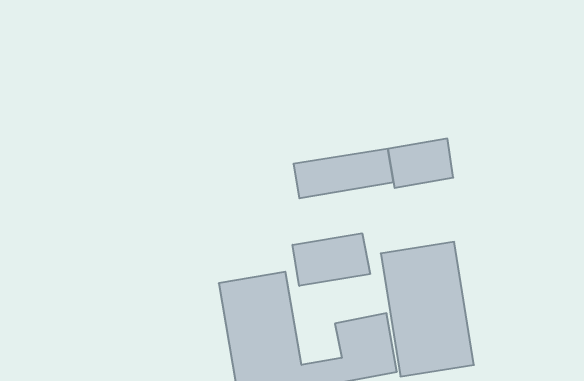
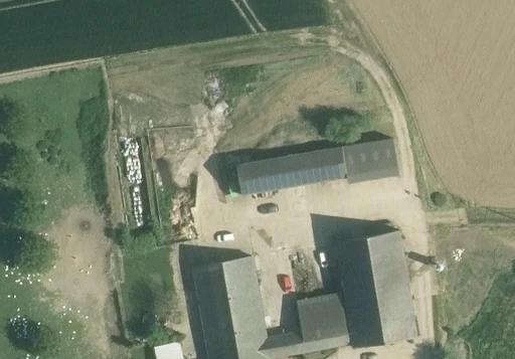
building: none -> [237,161,265,194]
building: [293,233,370,286] -> none

